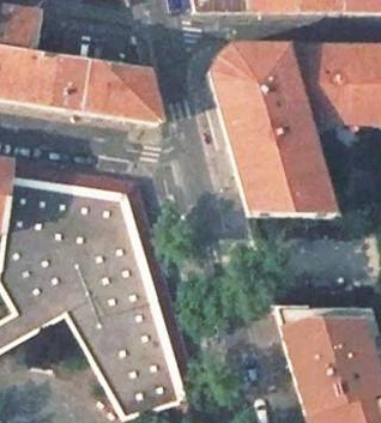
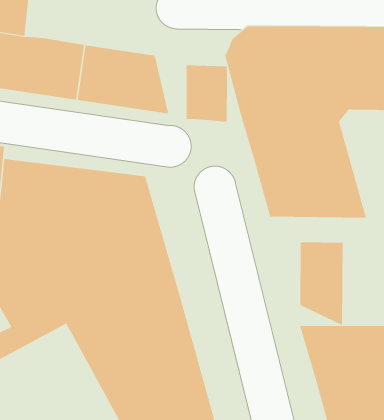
building: none -> [186,65,227,123]
building: none -> [300,242,343,325]

